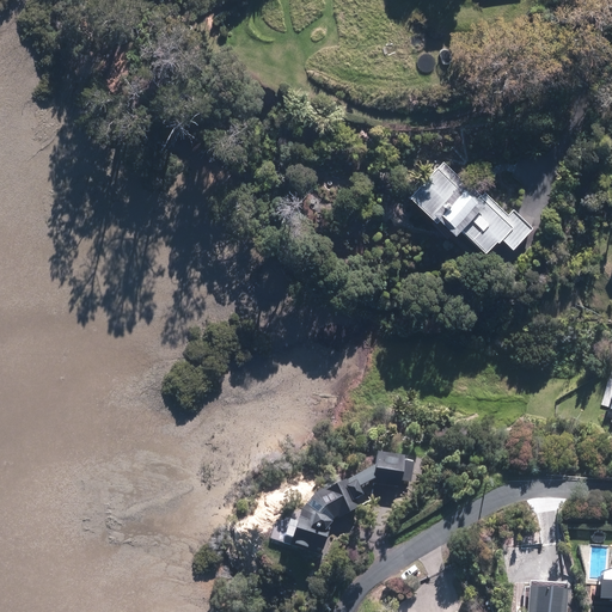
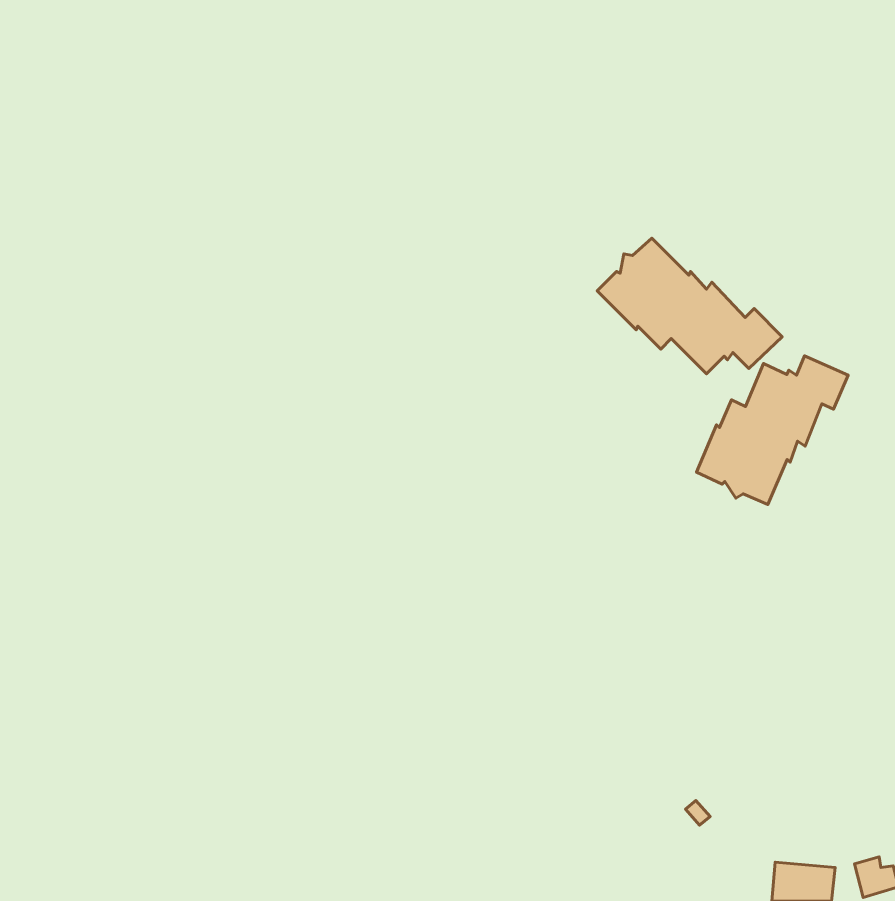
building: none -> [697,356,848,504]
building: [275,449,415,546] -> none

